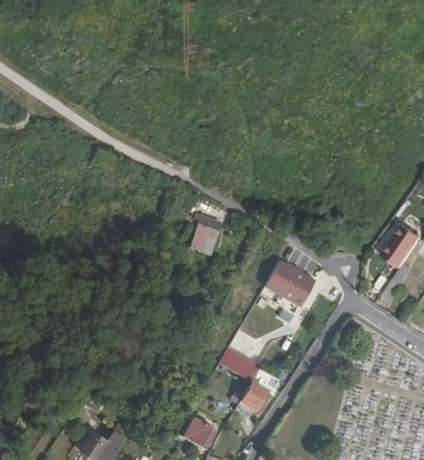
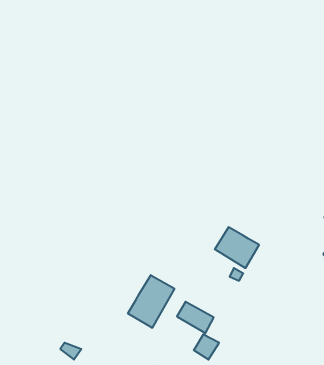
building: [189,215,221,256] -> none
building: none -> [128,275,174,328]

